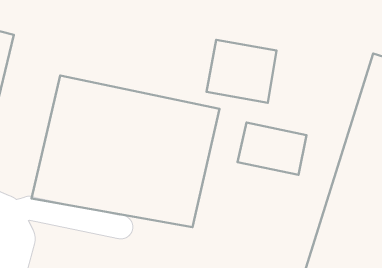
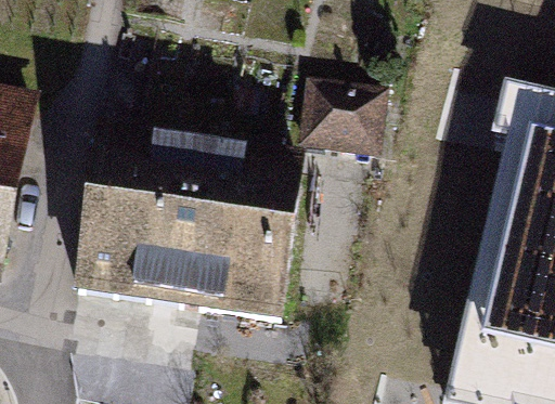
building: [238,123,307,175] -> none

